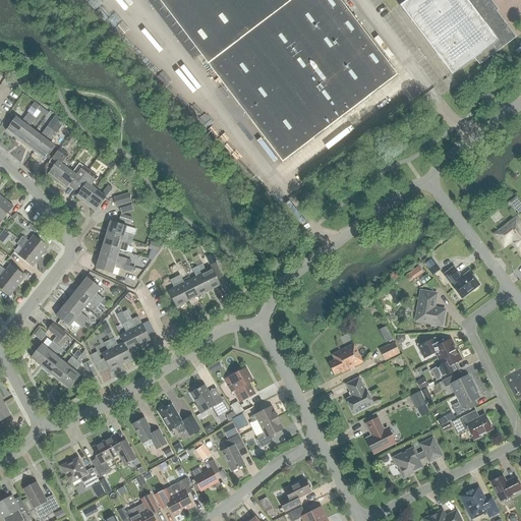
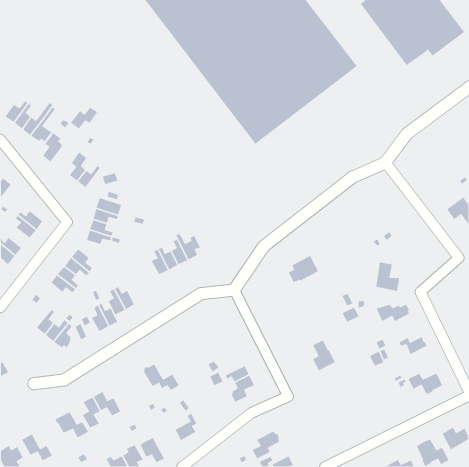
building: [56,162,88,187] -> [70,106,98,129]
building: [443,266,478,296] -> none
building: [31,322,65,363] -> none
building: [328,342,362,373] -> [288,255,319,283]
building: [430,348,462,379] -> none
building: [225,366,254,400] -> none
building: [190,384,229,416] -> none
building: [452,384,479,414] -> none
building: [365,416,395,452] -> none
building: [132,417,166,448] -> none
building: [221,433,244,470] -> none
building: [392,436,442,477] -> none
building: [170,476,192,509] -> none

